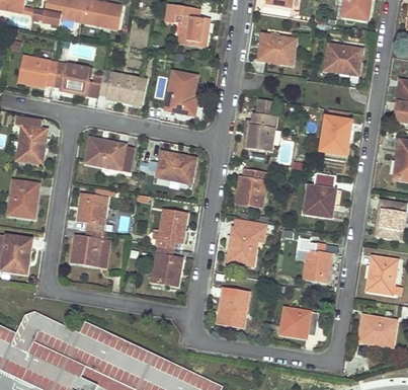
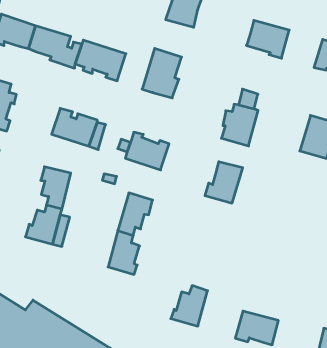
building: [303,185,332,218] -> none
building: [227,220,265,266] -> none
building: [304,242,329,283] -> none

